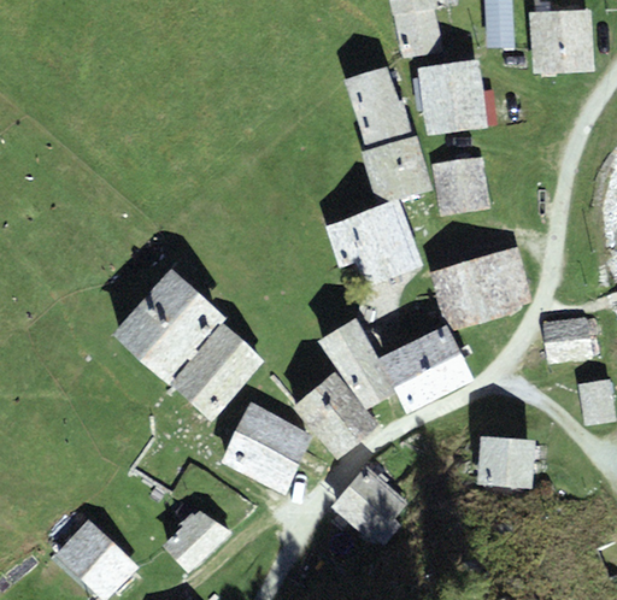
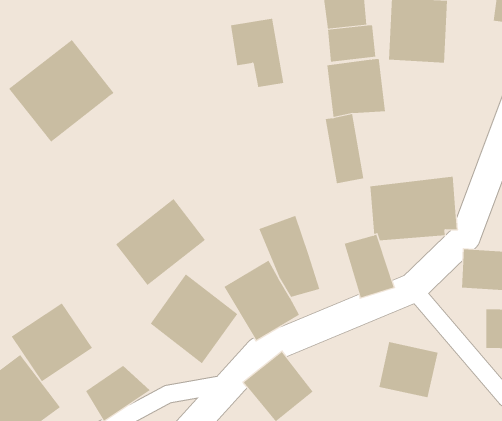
building: [433,155,490,214] -> none
building: [325,208,394,286] -> [230,18,284,88]
building: [113,267,228,382] -> [8,39,115,143]
building: [378,339,441,412] -> none
building: none -> [11,302,93,382]

